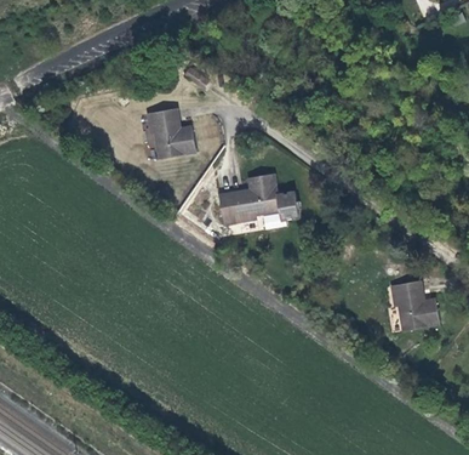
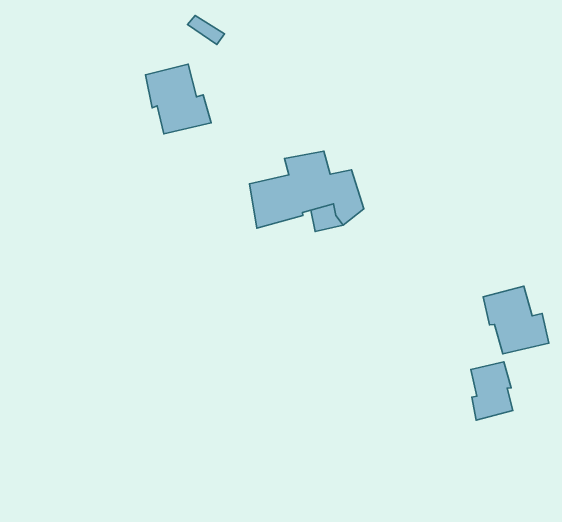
building: none -> [471,362,513,420]

